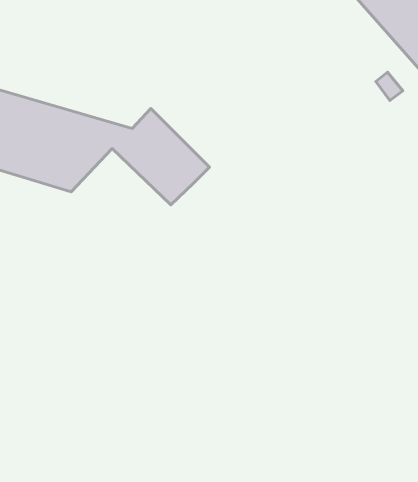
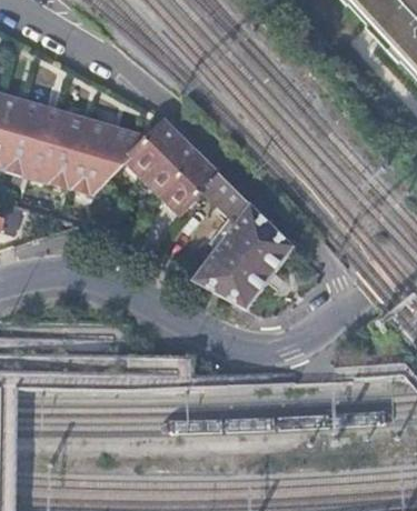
building: none -> [189,171,292,307]

